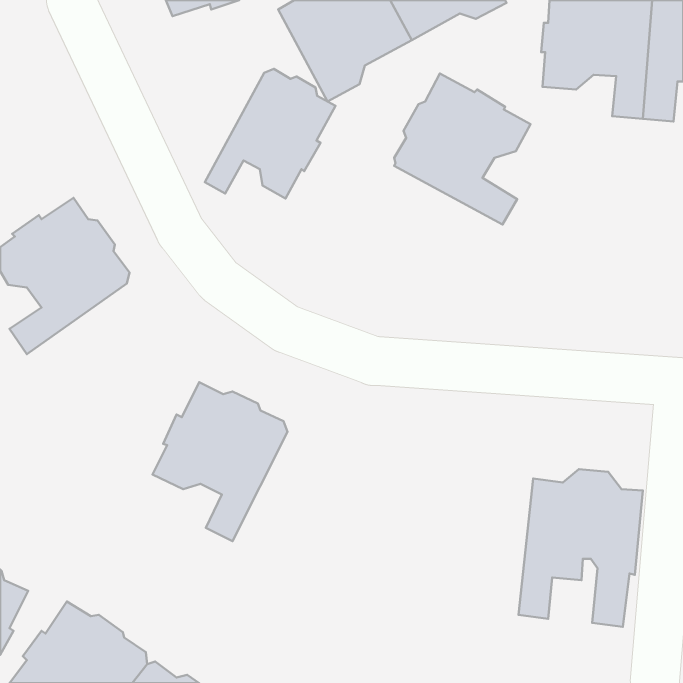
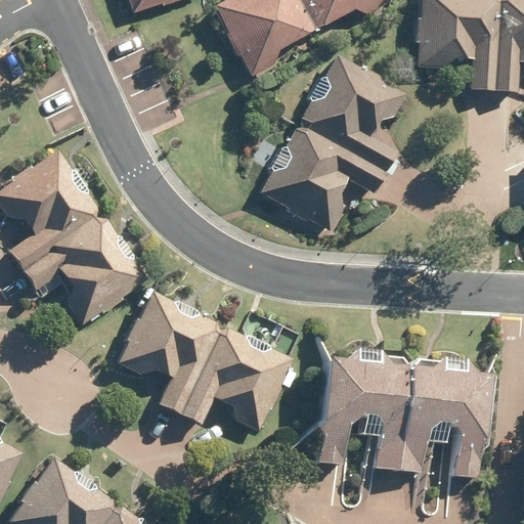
building: [205,69,335,199] -> none
building: none -> [261,127,385,232]
building: none -> [20,217,146,325]
building: none -> [178,330,293,434]
building: none -> [309,351,408,471]

